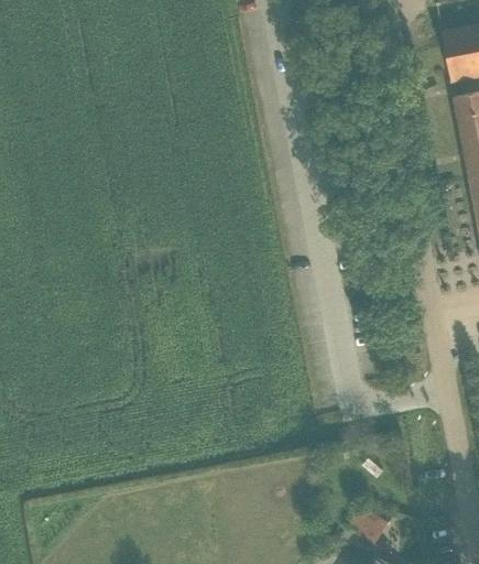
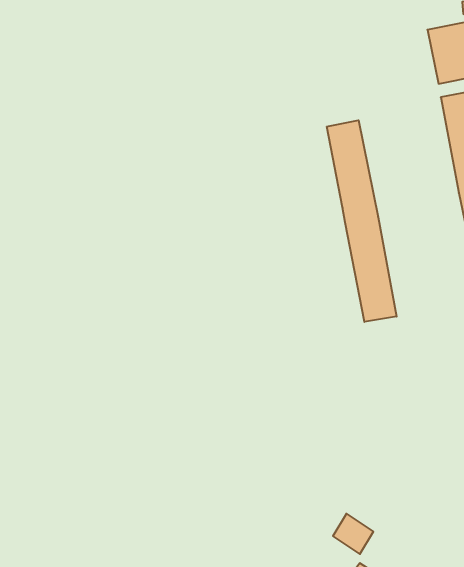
building: none -> [327,120,397,322]

